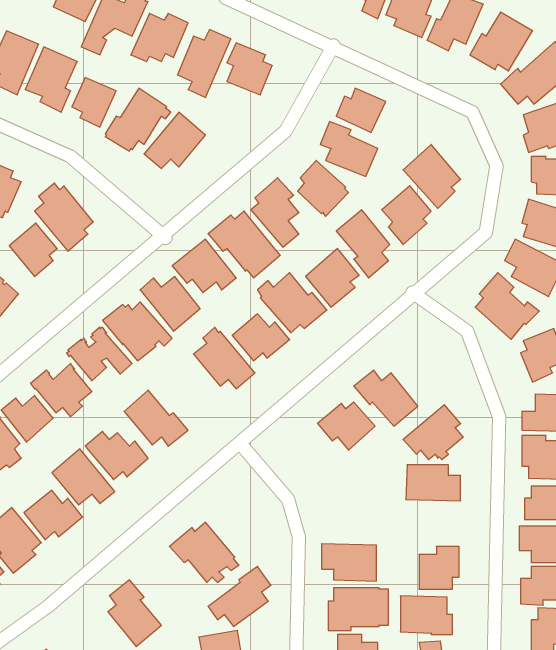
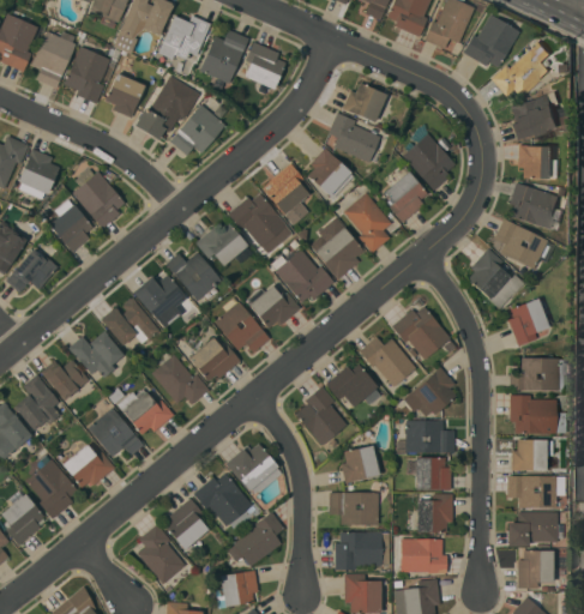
building: none -> [392,306,451,360]
building: none -> [189,337,241,381]
building: none -> [296,386,347,445]
building: none -> [225,444,282,494]
building: none -> [342,445,380,483]
building: none -> [416,457,451,489]
building: none -> [165,498,209,549]

